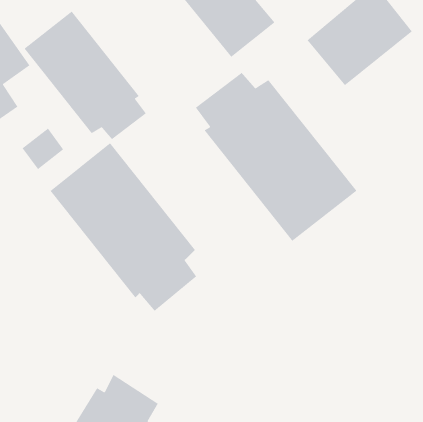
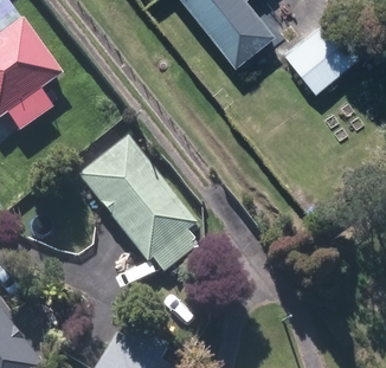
building: [24,11,147,140] -> none
building: [195,72,357,242] -> none

